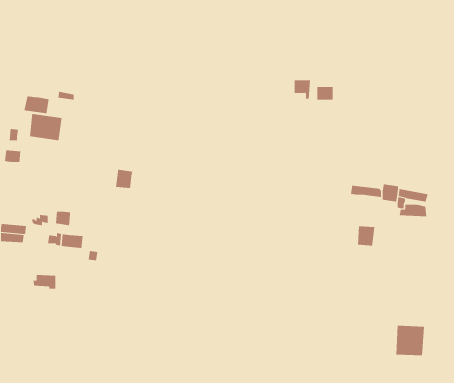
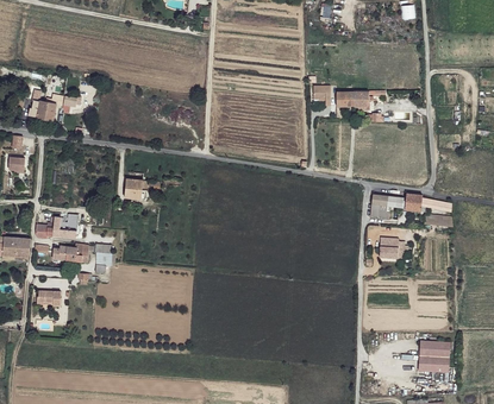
building: [30,113,62,141] -> none

